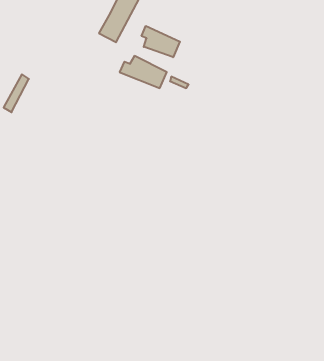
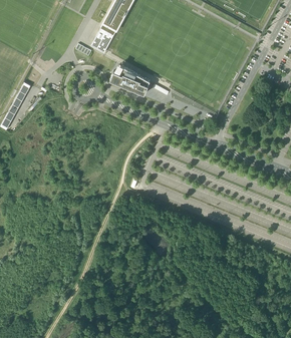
building: [142,26,180,57] -> none

